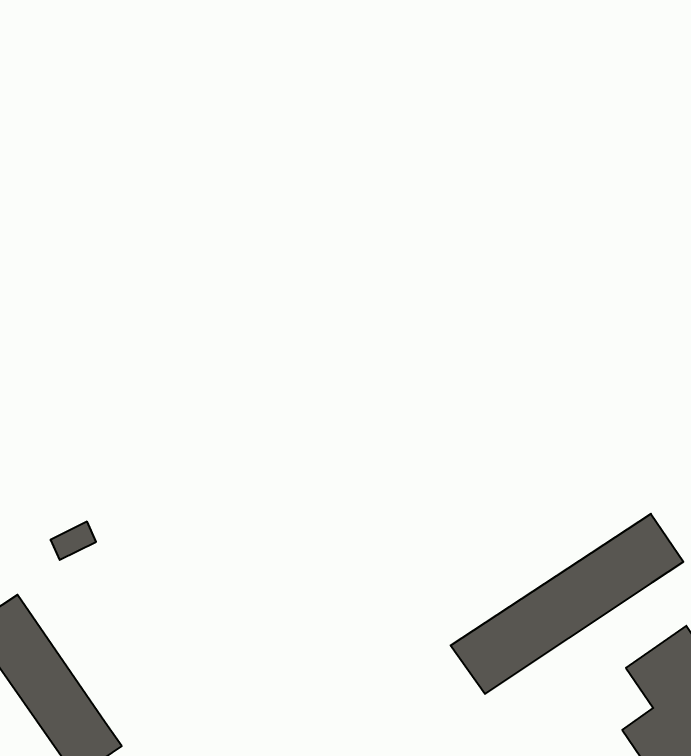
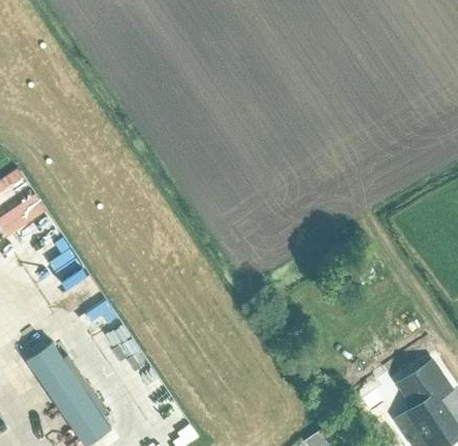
building: [451,514,683,694] -> none

